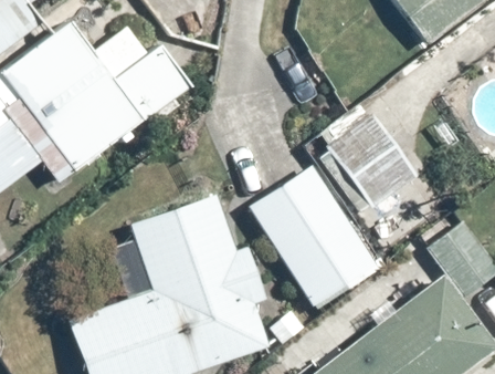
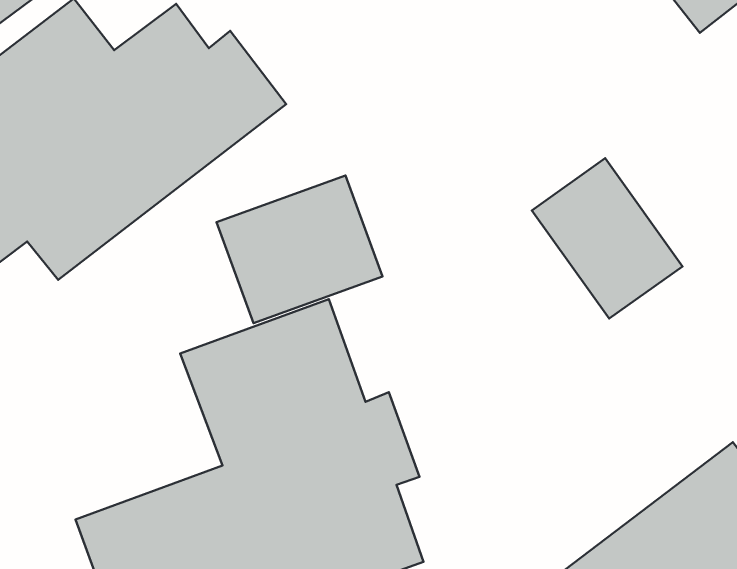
building: none -> [217,175,383,323]
building: [250,166,376,304] -> none

